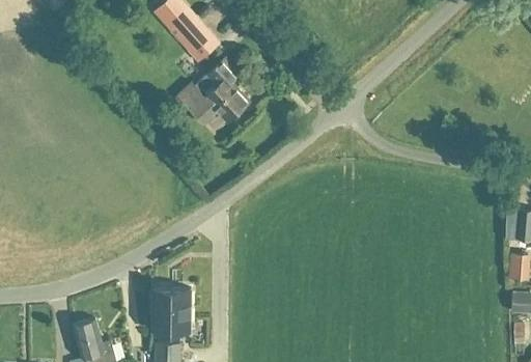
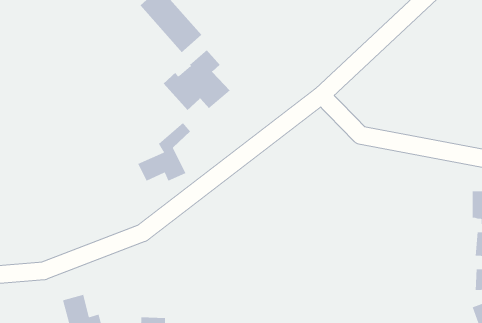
building: none -> [138,122,191,182]
building: [152,288,191,331] -> none

